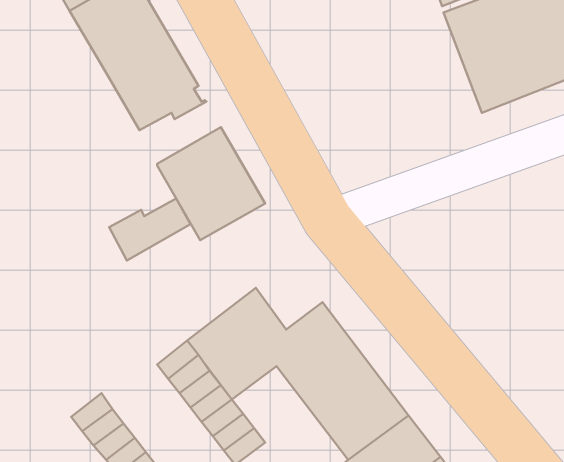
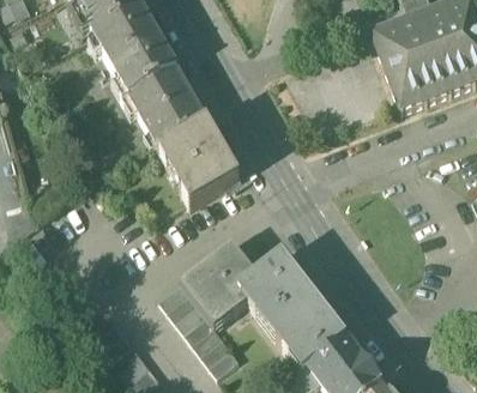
building: [109,199,190,261] -> [146,99,207,146]

